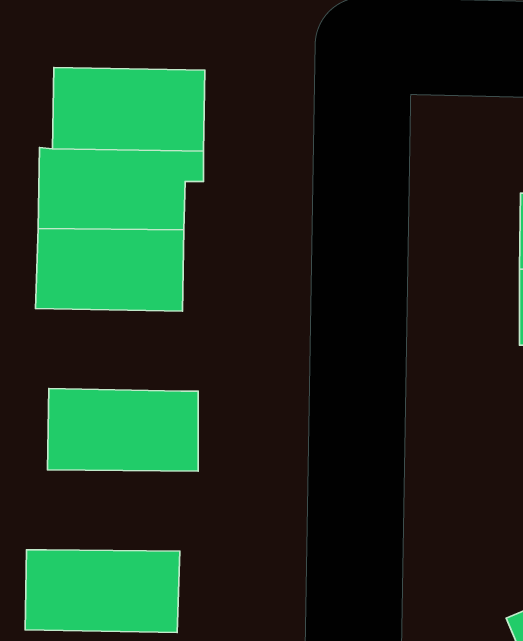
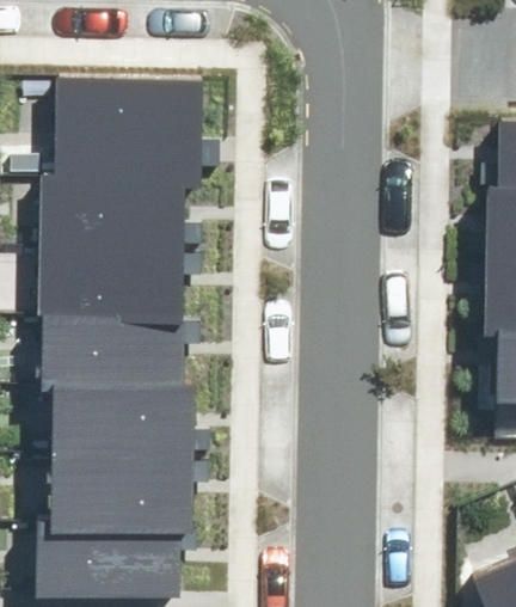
building: none -> [44,300,179,375]
building: none -> [55,447,194,522]

